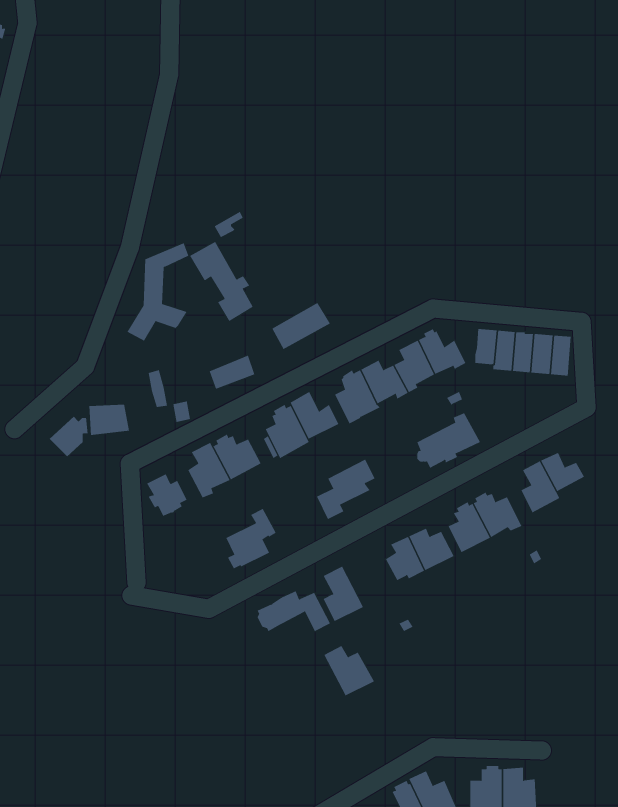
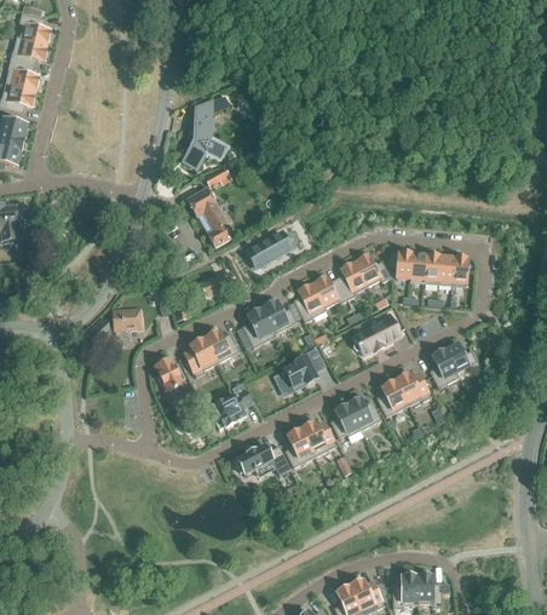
building: [126,243,189,342] -> [183,94,229,167]
building: [324,645,375,696] -> [299,418,336,455]

